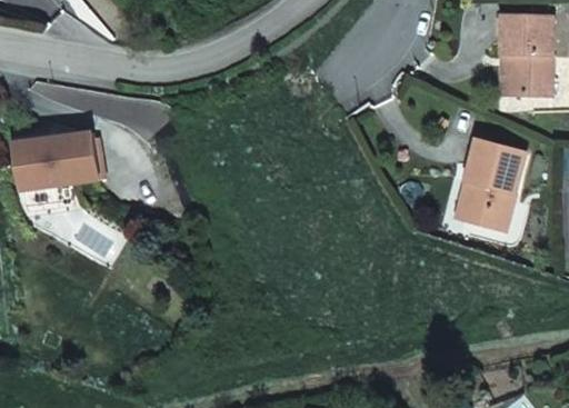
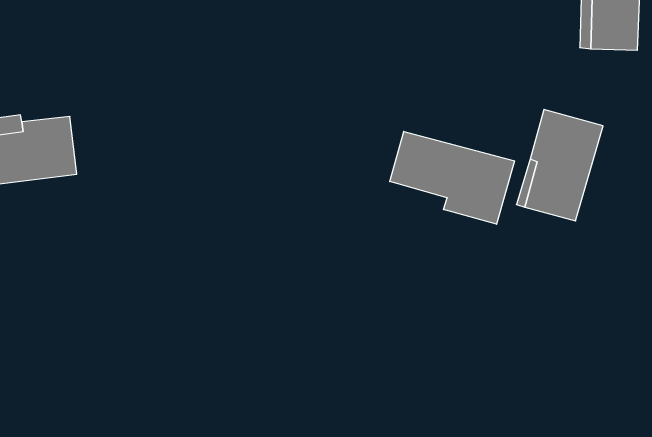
building: none -> [390,131,515,224]

